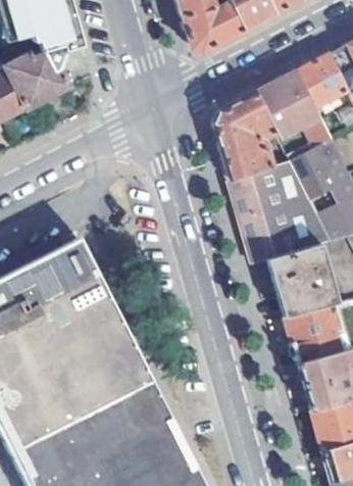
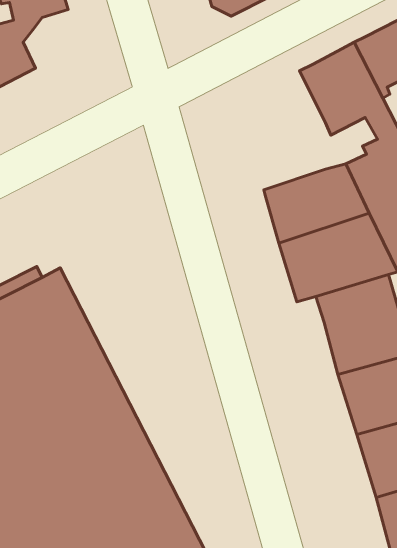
building: [213,92,274,181] -> none

